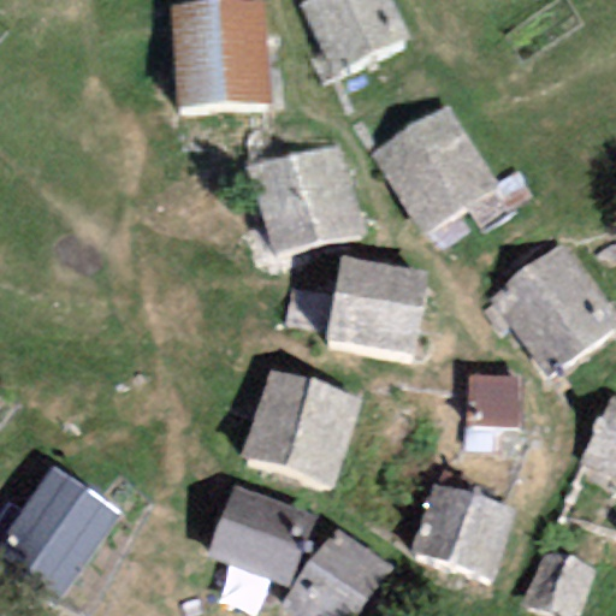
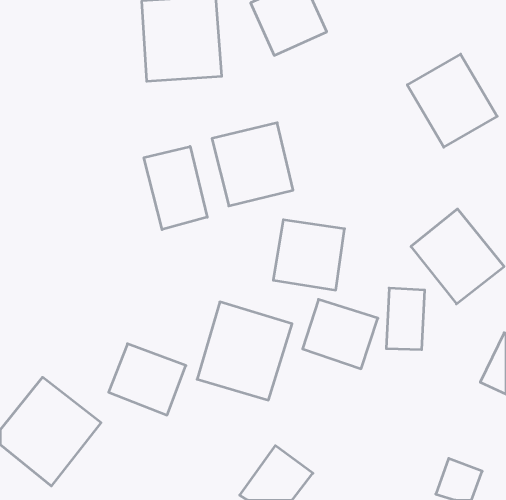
building: [379,117,488,230] -> [407,54,497,147]
building: none -> [144,146,207,230]
building: [415,491,507,575] -> [303,299,378,369]
building: [213,493,307,580] -> [109,344,186,415]

